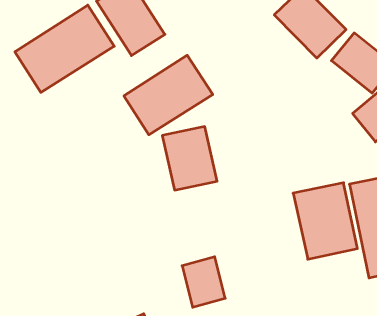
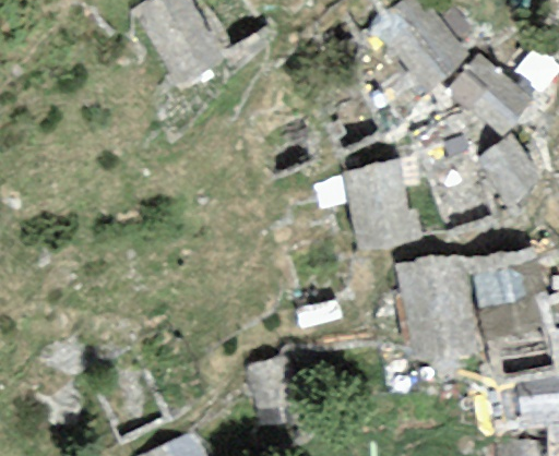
building: [15,5,114,92] -> none
building: [124,55,213,135] -> none
building: [162,127,217,190] -> [343,161,416,247]

